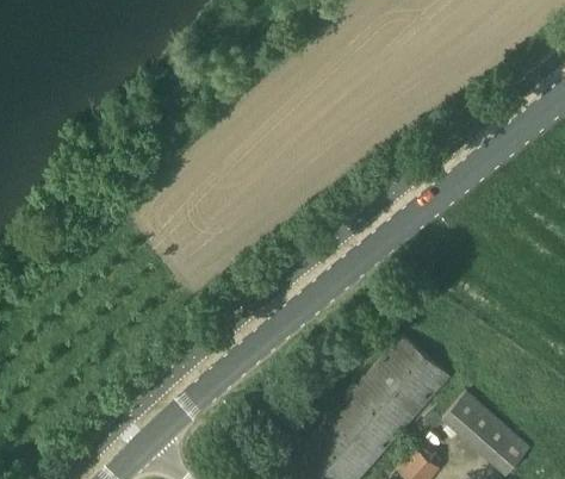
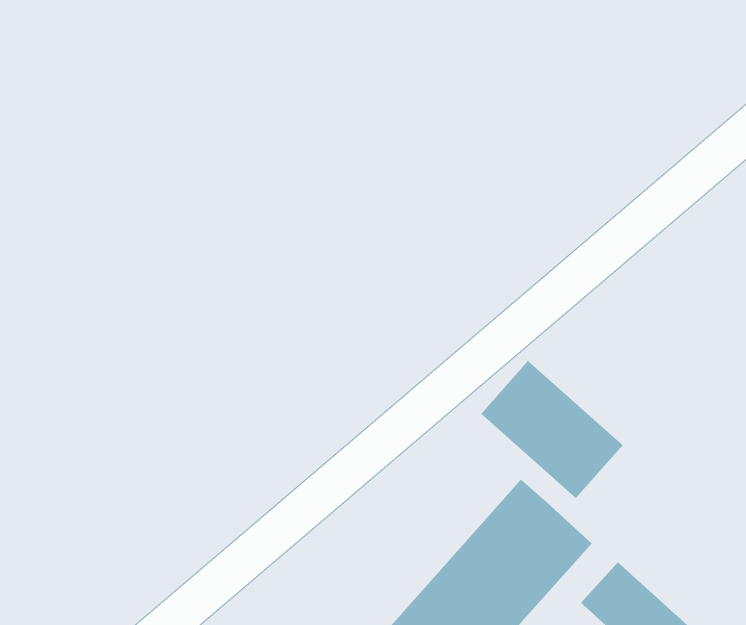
building: none -> [480,360,623,499]

